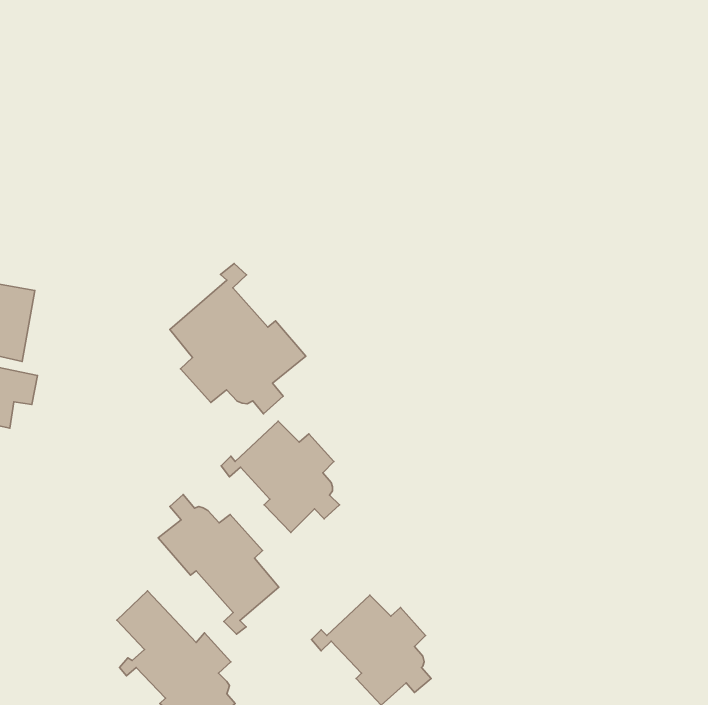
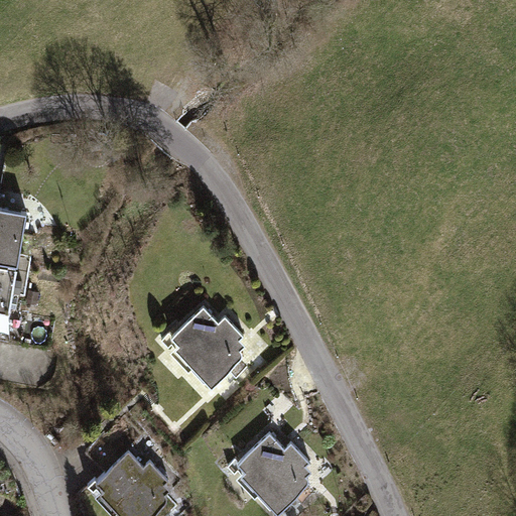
building: [170,263,306,414] -> none
building: [158,494,279,634] -> none

